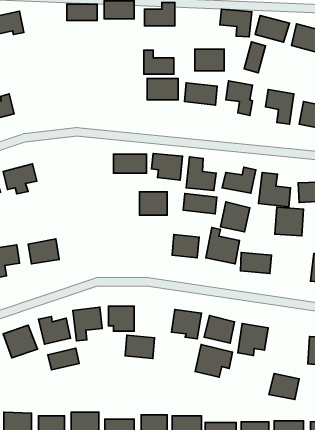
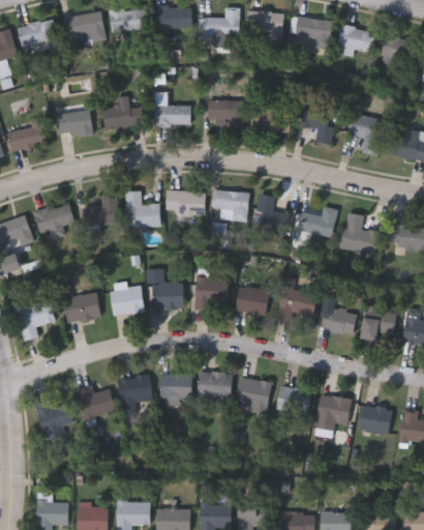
building: none -> [66,12,107,42]
building: [244,42,265,73] -> none
building: [195,49,224,71] -> [247,11,282,37]
building: [144,50,174,74] -> [155,96,191,125]
building: none -> [56,104,91,135]
building: none -> [103,105,144,129]
building: none -> [126,193,160,228]
building: none -> [82,194,120,228]
building: [140,192,167,215] -> [195,279,229,307]
building: [183,194,217,214] -> none
building: [220,202,250,232] -> none
building: [275,207,303,236] -> [362,307,396,342]
building: none -> [152,284,183,310]
building: none -> [111,288,144,316]
building: [125,335,154,358] -> [198,372,233,400]
building: [195,345,233,377] -> none
building: [48,348,79,370] -> none
building: [269,374,299,400] -> [357,405,393,436]

